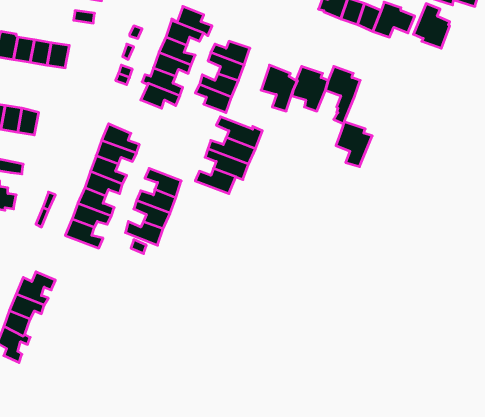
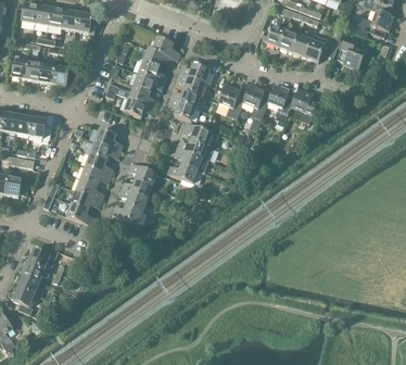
building: [336,122,372,167] -> [291,88,319,123]

